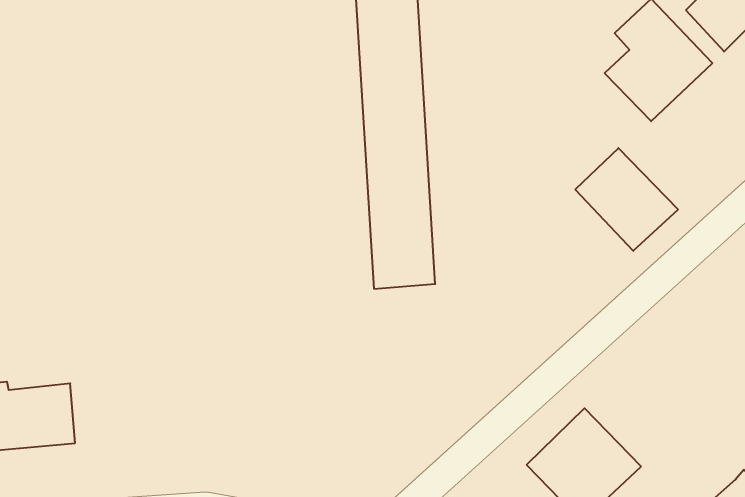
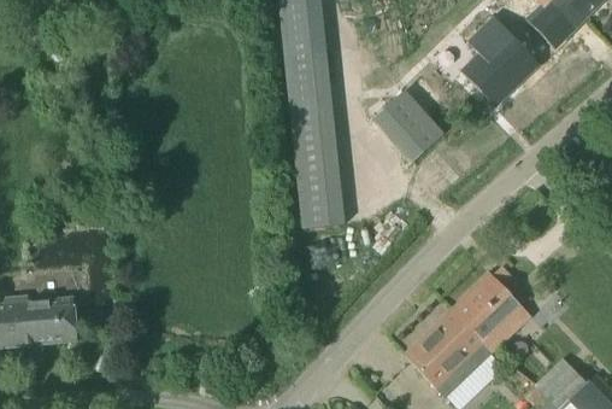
building: [575,148,678,251] -> [369,88,443,163]
building: none -> [447,270,531,357]

